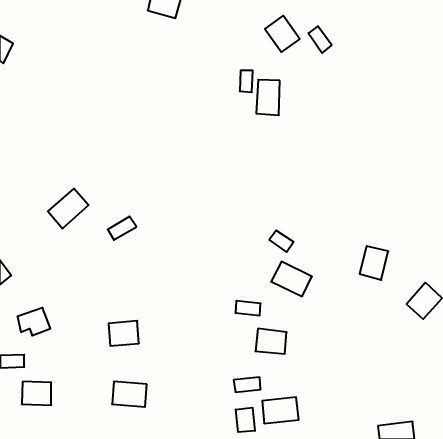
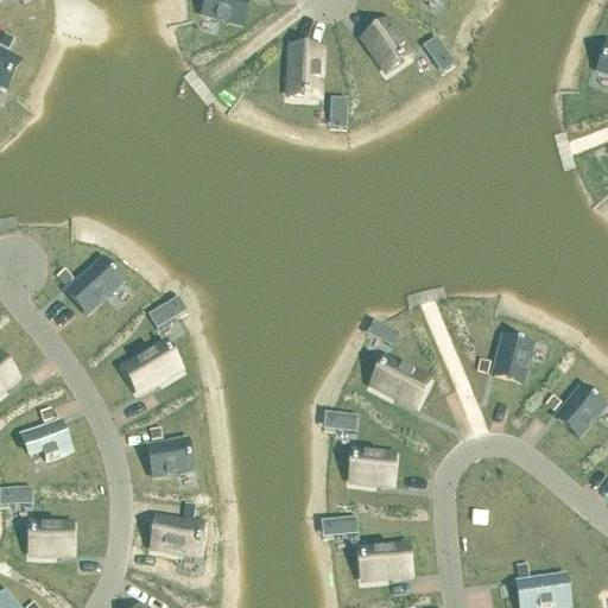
building: [256,80,280,115] -> [287,48,319,96]
building: none -> [122,342,179,392]
building: [236,408,255,432] -> none

